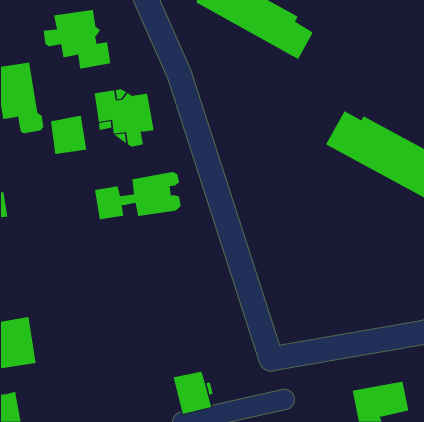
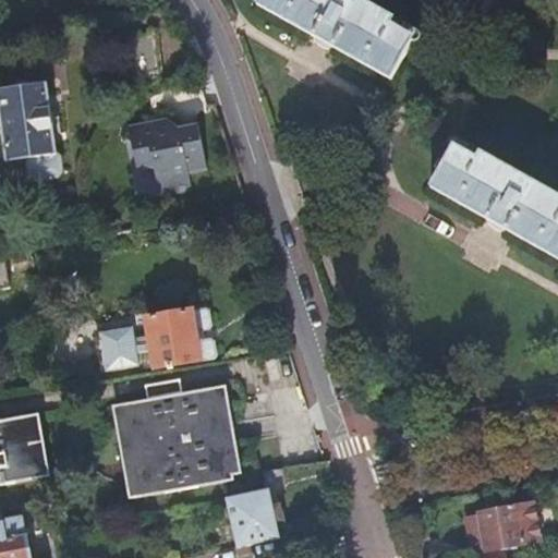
building: [43,9,111,69] -> none
building: [51,115,87,155] -> none
building: [94,172,181,220] -> [98,306,213,369]
building: none -> [118,383,234,495]

